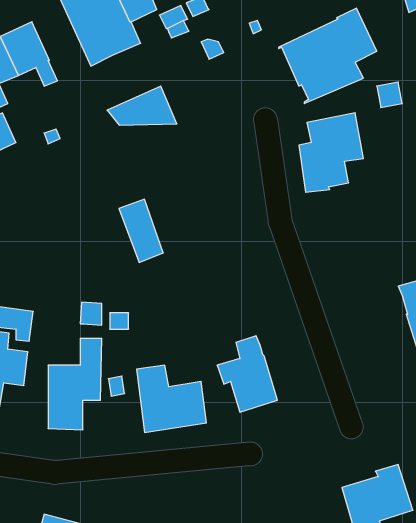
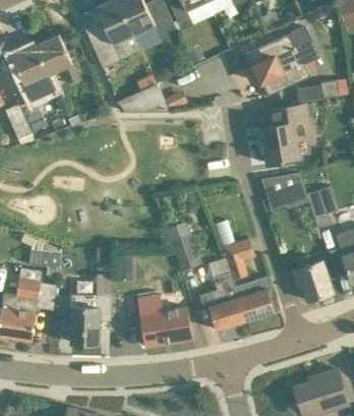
building: [119,199,163,262] -> [166,223,199,271]
building: none -> [260,173,304,200]
building: none -> [305,186,337,228]
building: none -> [222,239,254,280]
building: none -> [293,255,332,301]
building: none -> [234,277,275,321]

